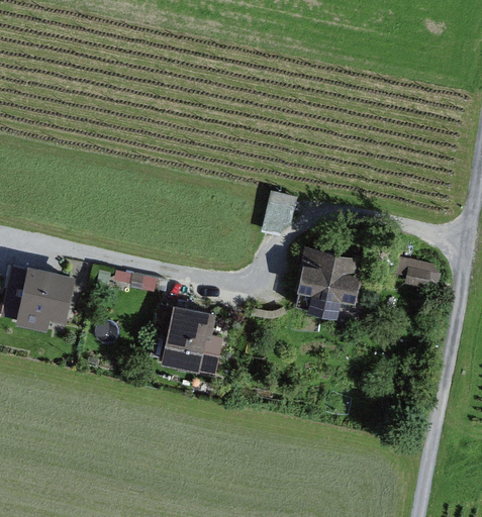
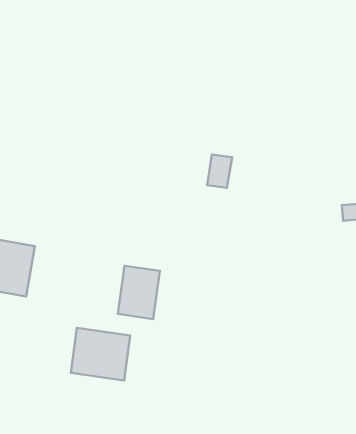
building: [295,257,361,320] -> none
building: none -> [71,328,130,380]

